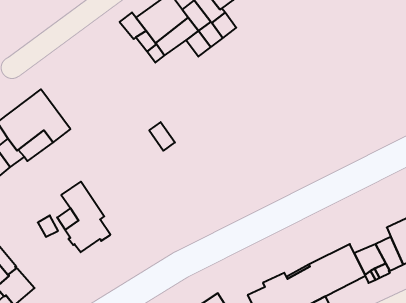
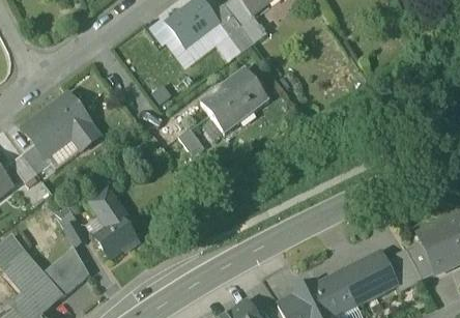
building: none -> [200,67,269,133]
building: none -> [42,248,89,295]

